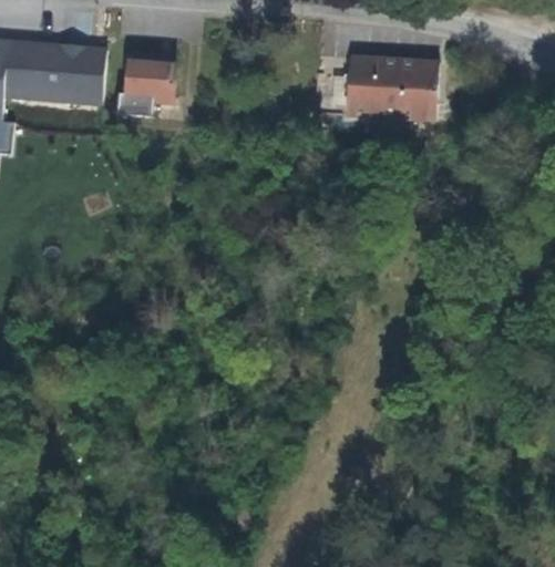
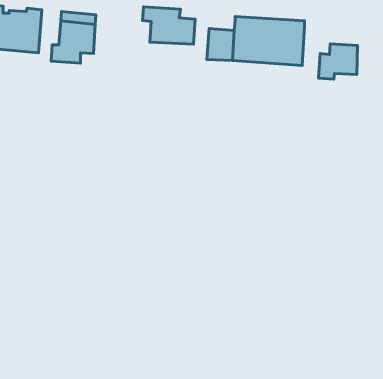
building: none -> [142,7,195,44]
building: none -> [319,44,357,79]

